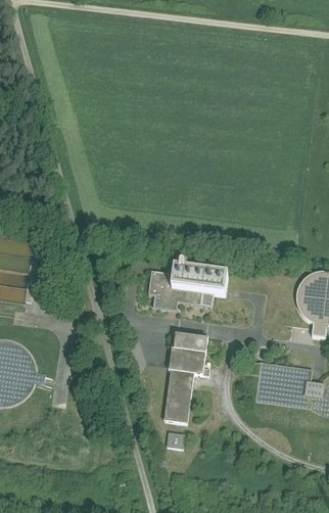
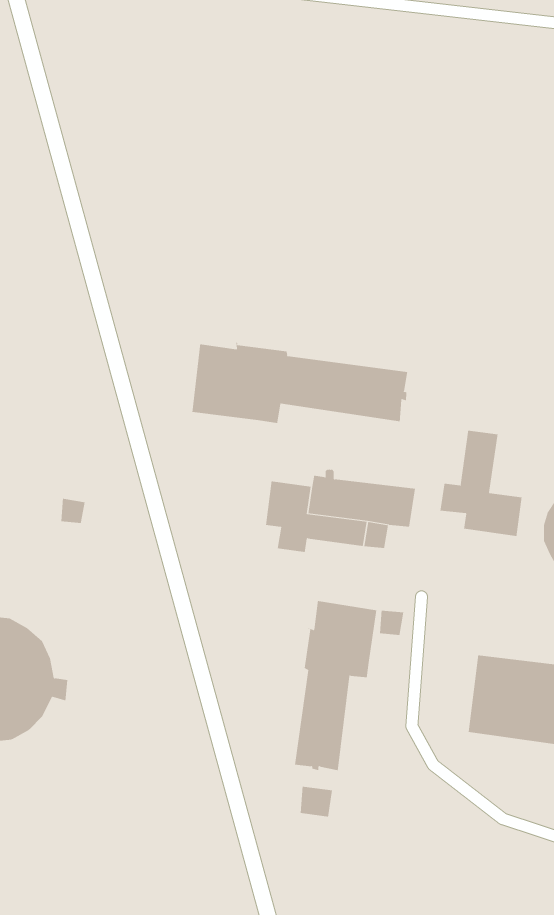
building: none -> [192,342,408,424]
building: none -> [440,430,522,537]

